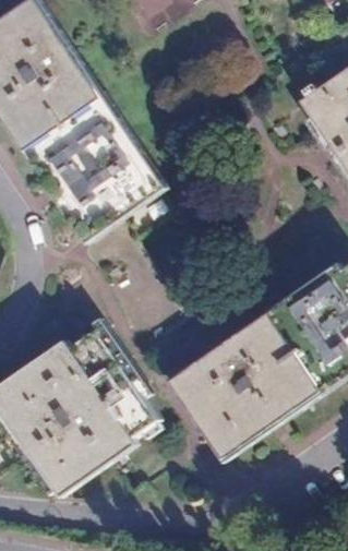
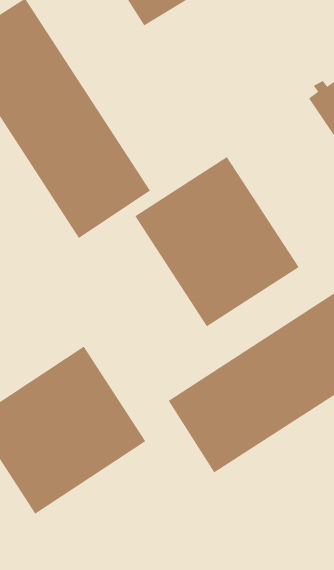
building: none -> [135,156,299,327]

